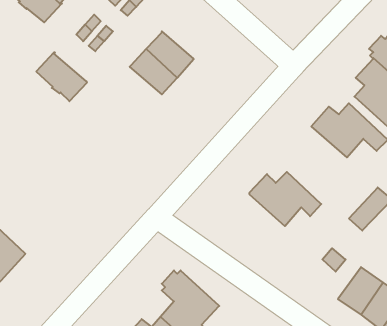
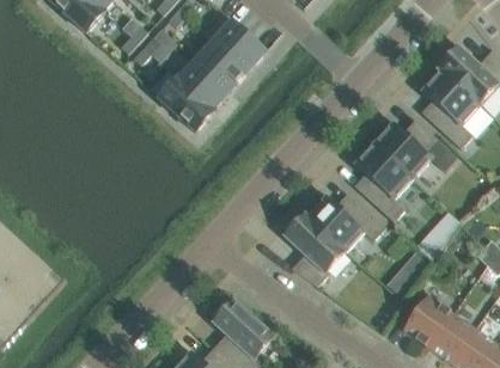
building: none -> [205,14,266,72]
building: [36,53,87,101] -> [159,79,214,131]
building: none -> [354,145,413,222]
building: none -> [283,214,346,287]

